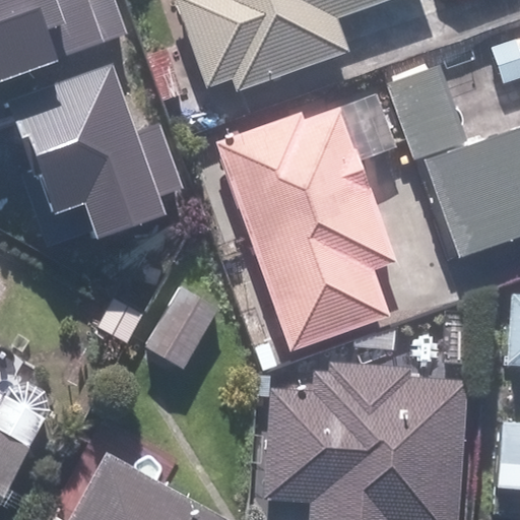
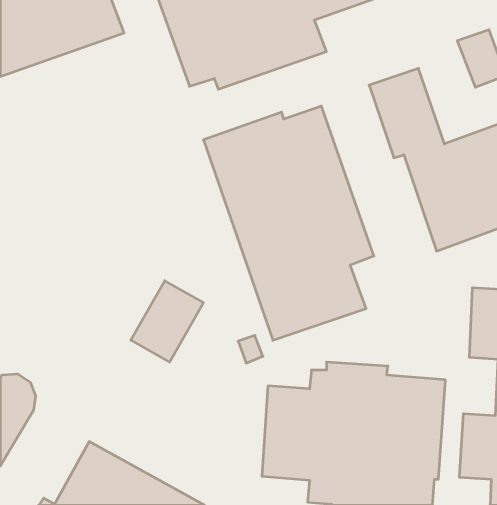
building: [21,61,194,243] -> none

